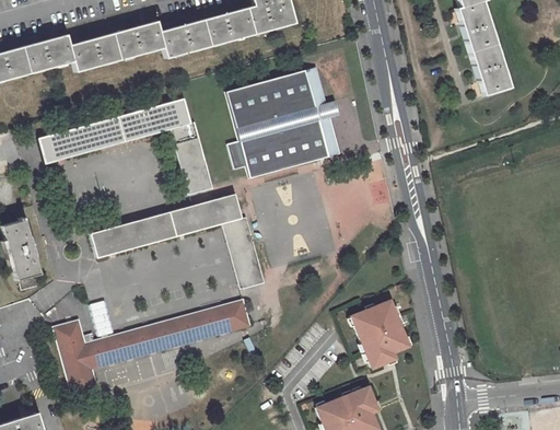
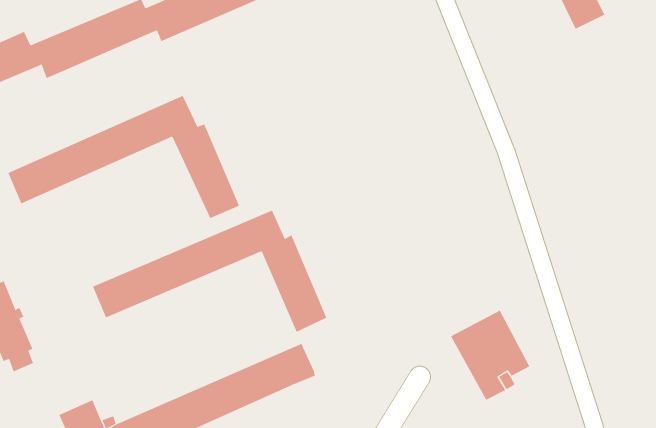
building: [225,68,340,179] -> none

